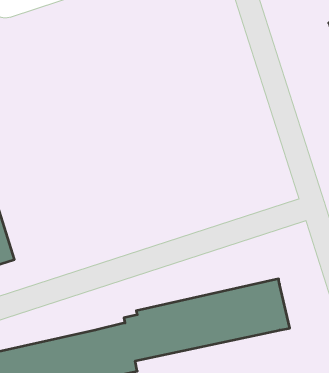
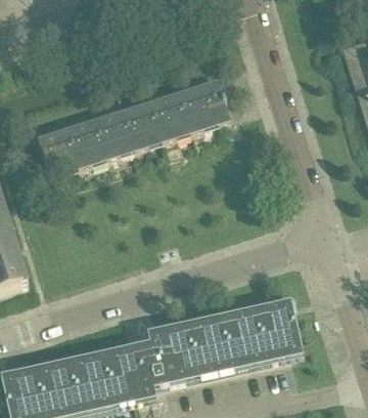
building: none -> [38,80,231,177]

